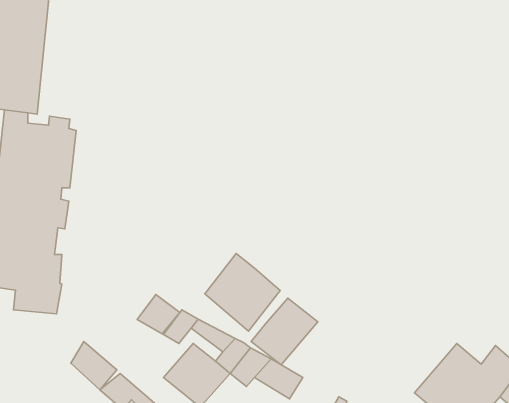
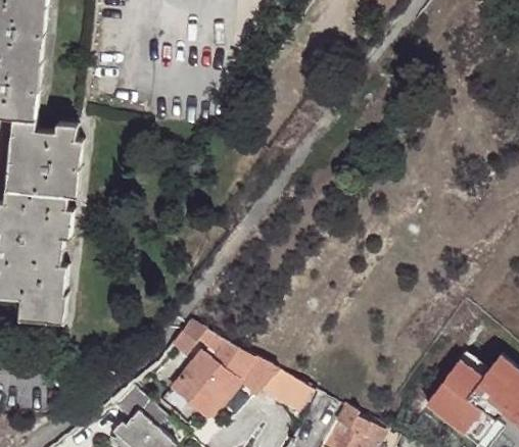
building: [205,253,280,331] -> none
building: [137,295,180,334] -> none
building: [251,298,318,365] -> none
building: [71,341,117,390] -> none

